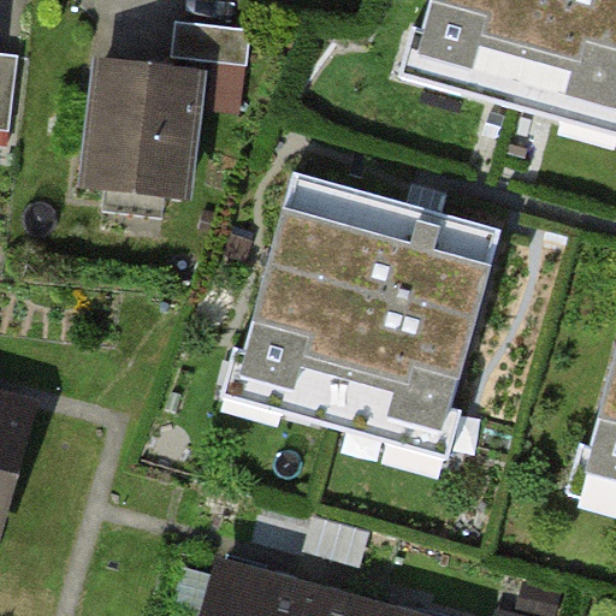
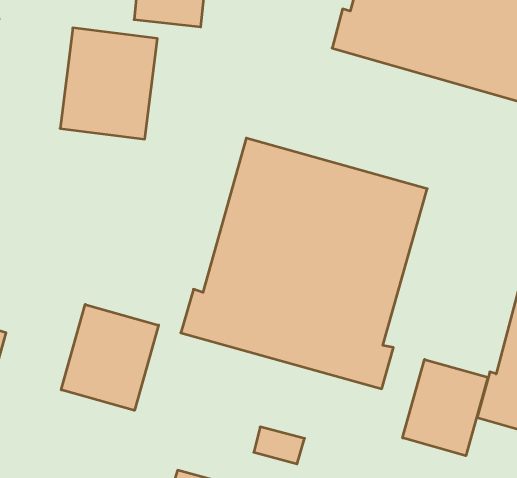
building: none -> [61,304,159,410]
building: none -> [403,359,488,456]

